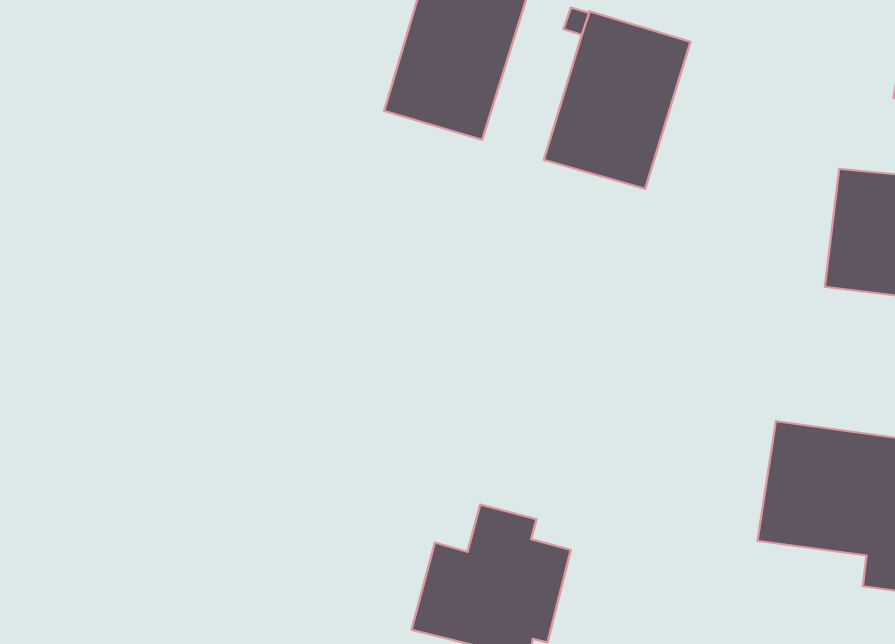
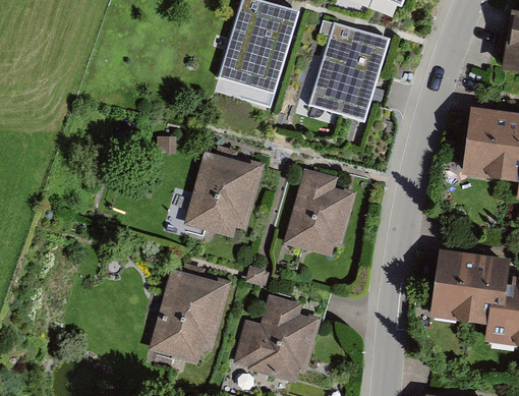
building: none -> [187,152,264,237]
building: none -> [284,169,357,257]
building: none -> [149,270,232,366]

